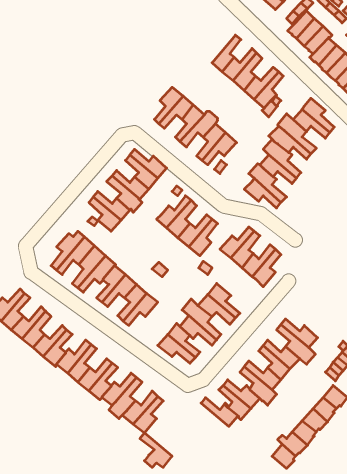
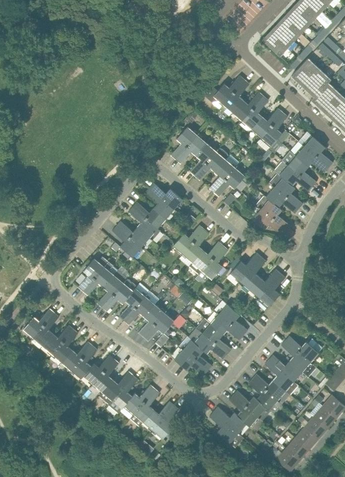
building: none -> [205,75,244,108]
building: [140,433,172,467] -> [209,411,238,442]

